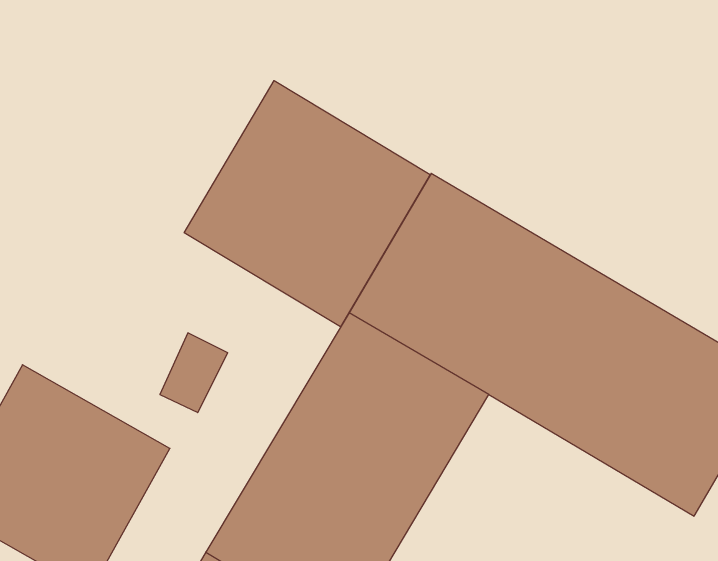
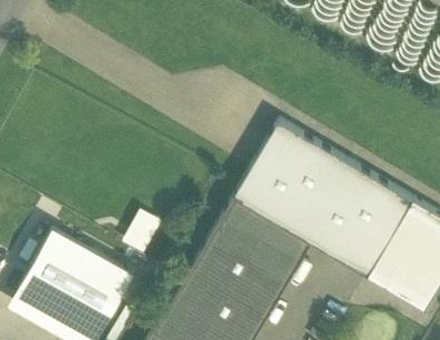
building: [184,81,430,327] -> none

